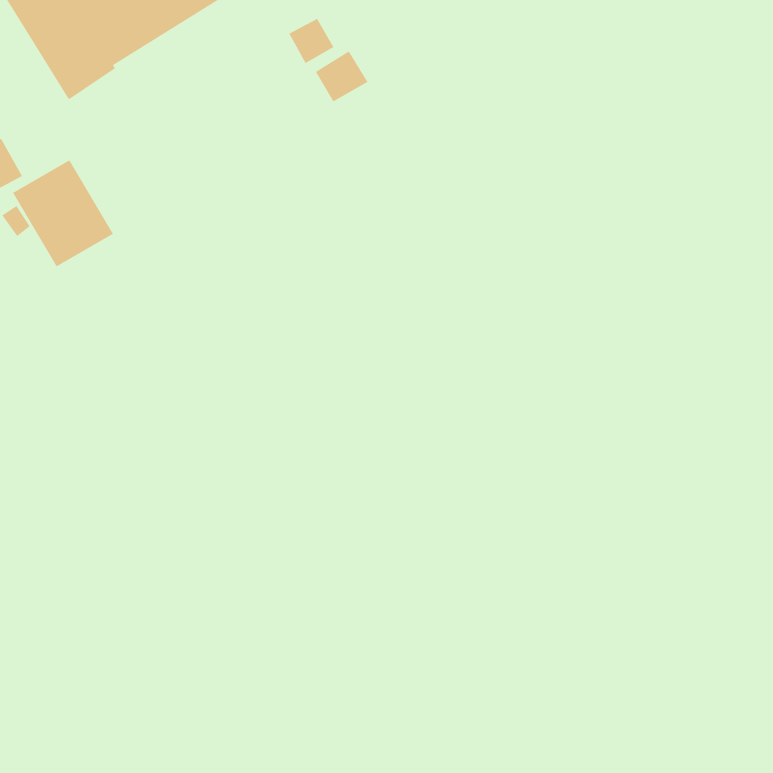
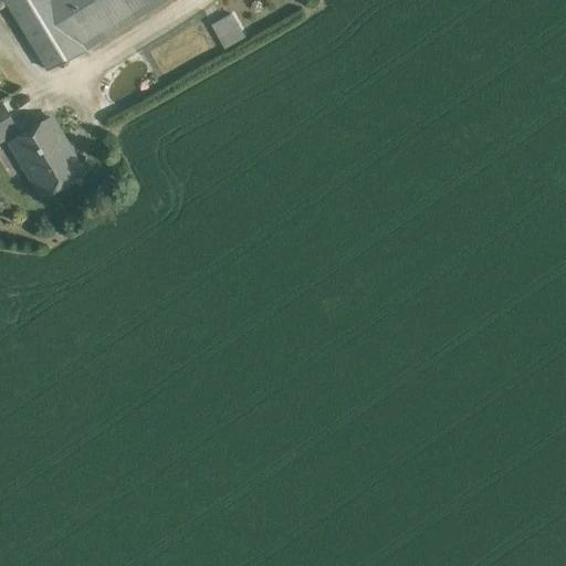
building: [315,50,368,102] -> none

